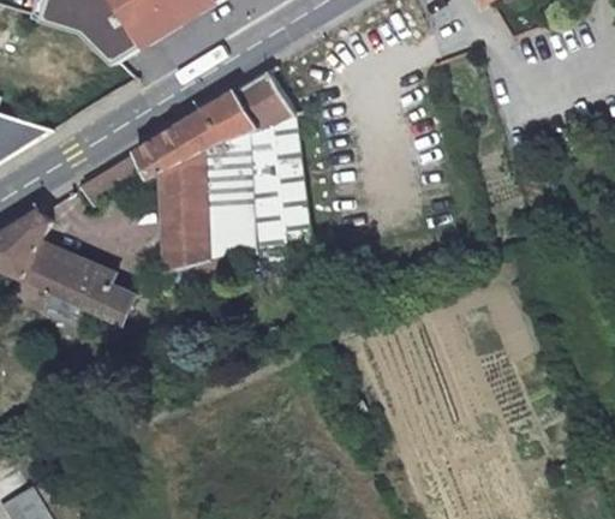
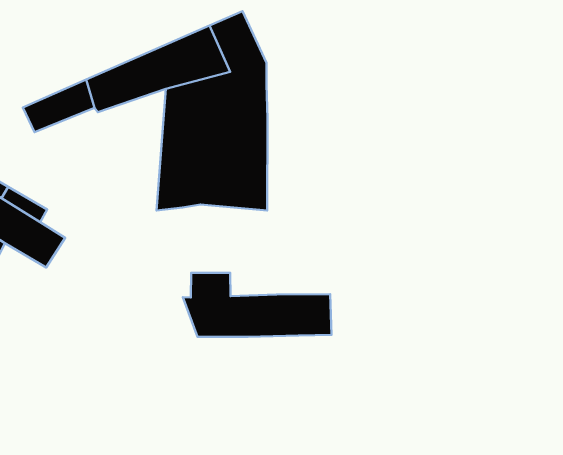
building: [160,149,211,286] -> none
building: none -> [183,273,331,337]

